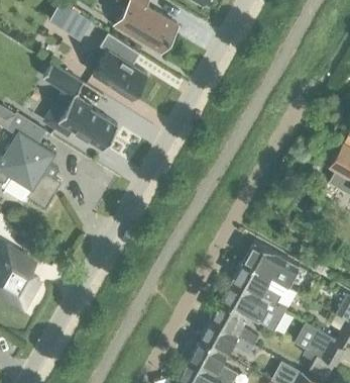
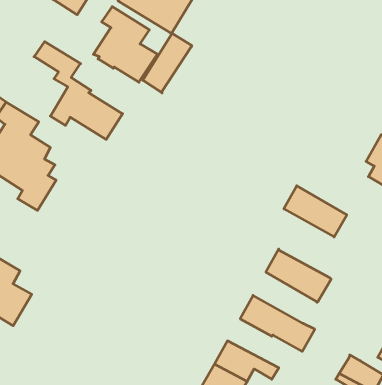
building: none -> [143,33,192,93]
building: [231,263,285,307] -> [284,186,347,237]
building: [209,303,257,346] -> none

